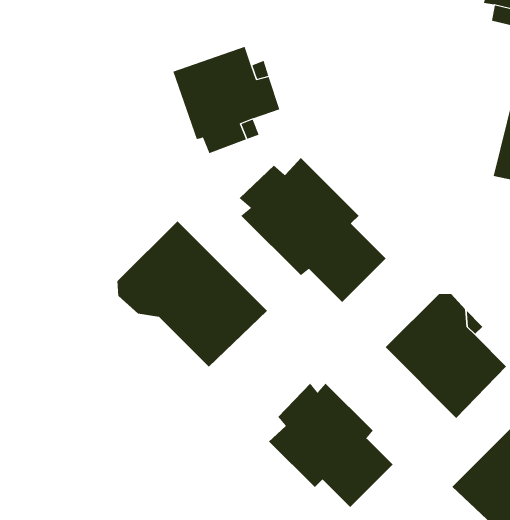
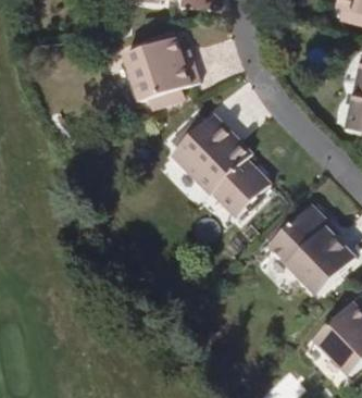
building: [117,220,268,368] -> none
building: [268,383,393,508] -> none

